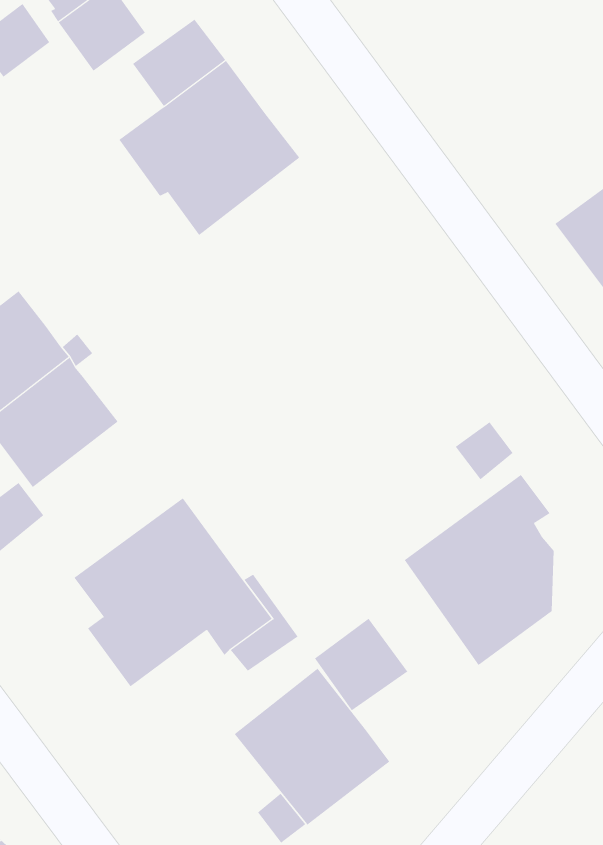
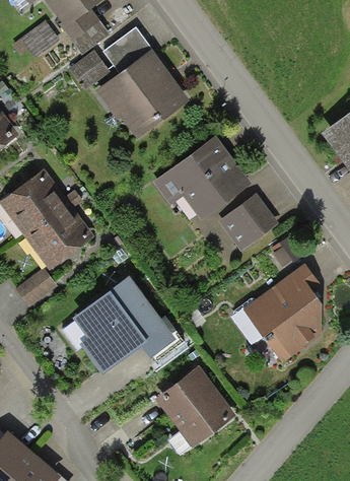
building: none -> [70,50,110,89]
building: none -> [153,134,252,220]
building: none -> [218,193,279,252]
building: [314,618,408,711] -> none

